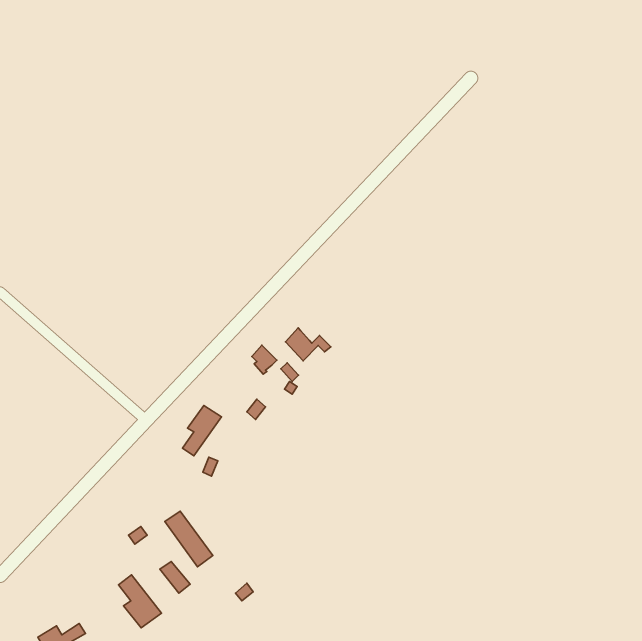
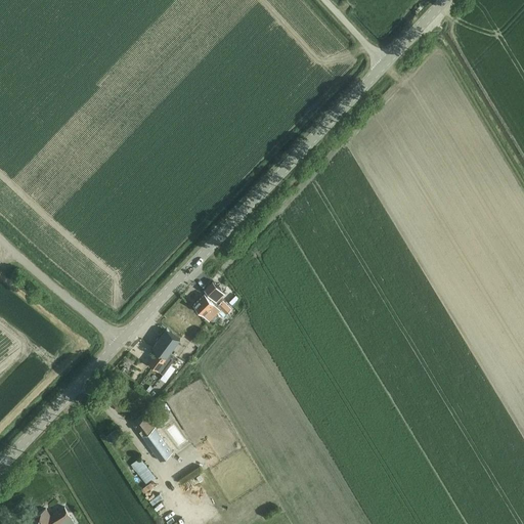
building: [285,328,331,361] -> [195,296,232,322]
building: [118,575,162,628] -> none

